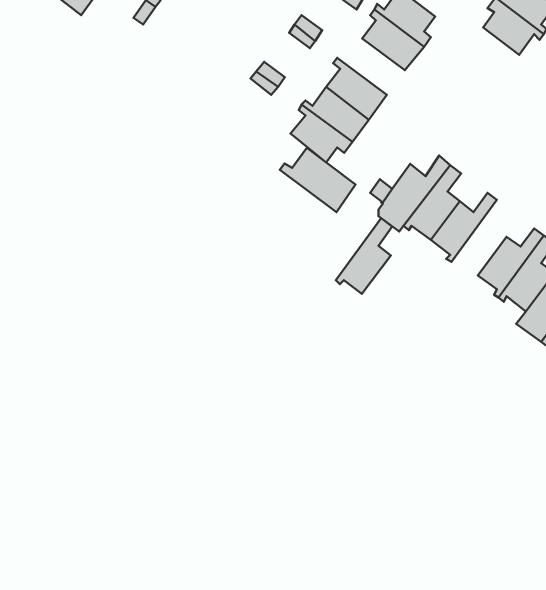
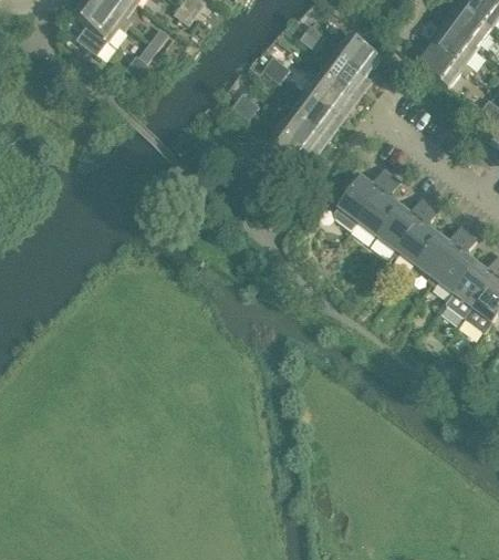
building: none -> [302,73,356,118]
building: [280,148,355,212] -> none
building: [336,218,392,294] -> [394,203,439,263]

